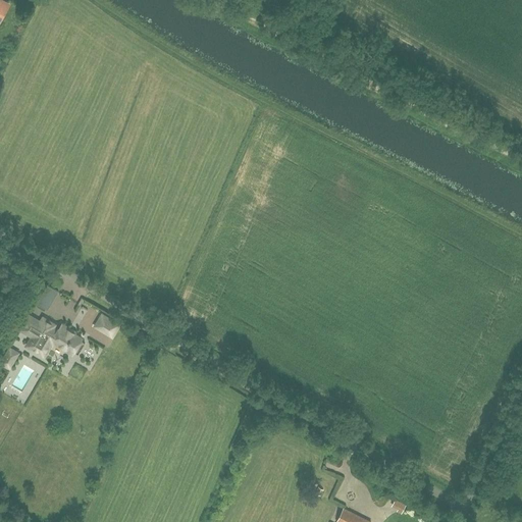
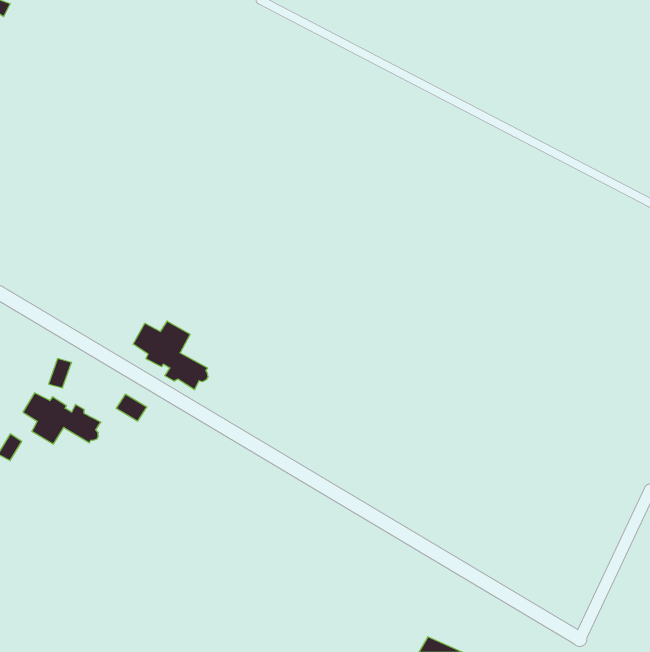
building: none -> [133,321,208,390]

